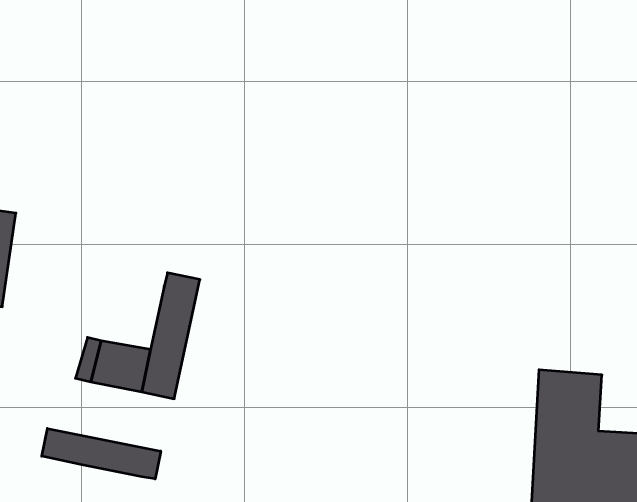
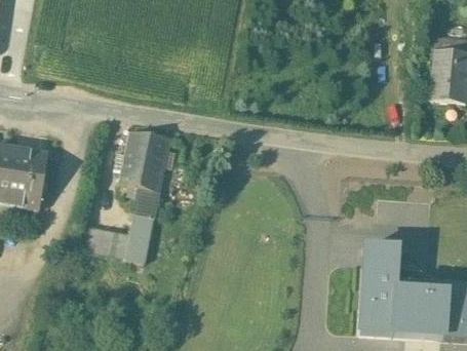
building: none -> [114,130,169,194]
building: [42,428,161,479] -> none

